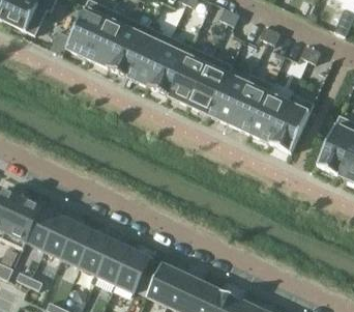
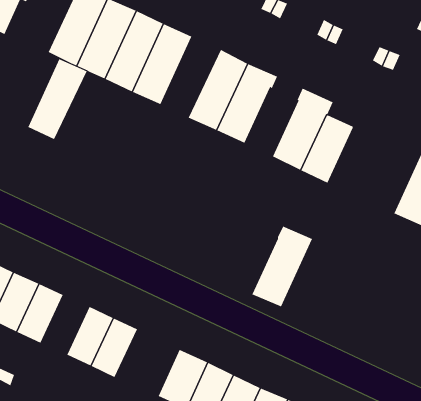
building: [148,36,191,95] -> [27,58,87,140]
building: [209,74,247,123] -> none
building: [269,93,314,152] -> [252,226,313,307]
building: [61,224,96,267] -> none
building: [115,249,151,293] -> none

